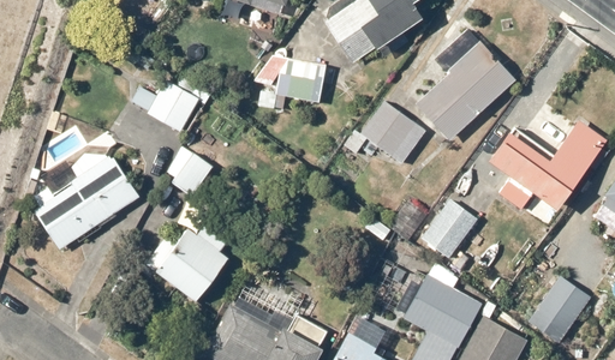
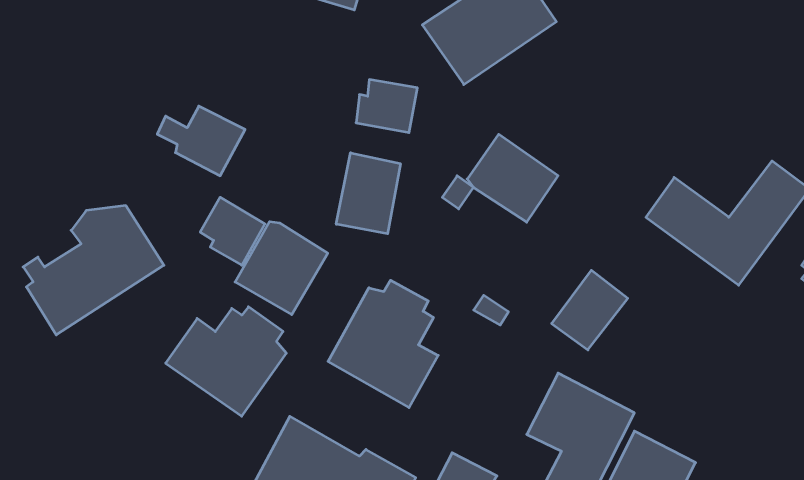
building: [416,42,515,140] -> none
building: none -> [336,153,400,234]
building: none -> [235,222,328,315]
building: none -> [328,280,438,408]
building: [529,274,591,340] -> none

